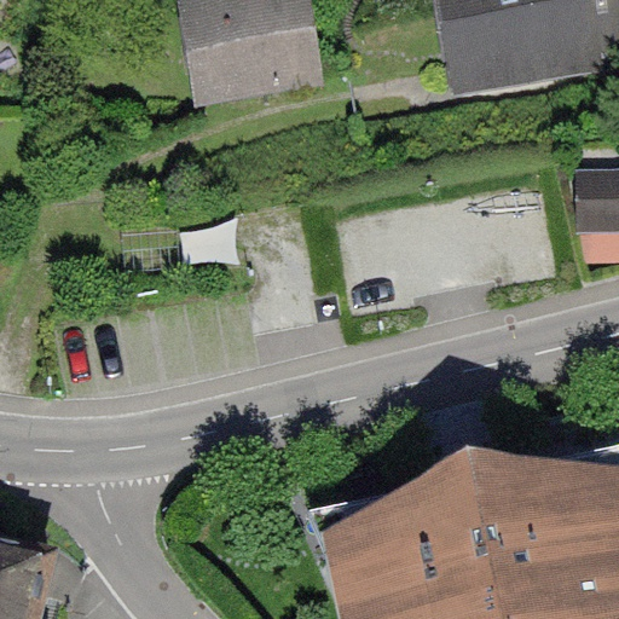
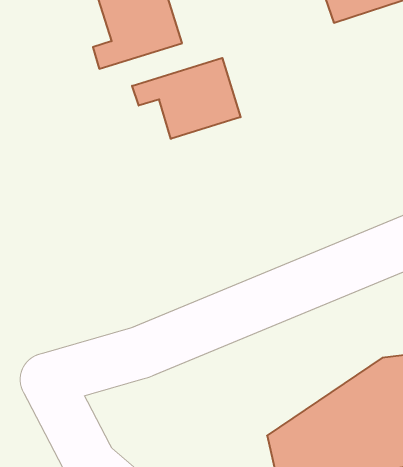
building: none -> [132,58,241,139]

